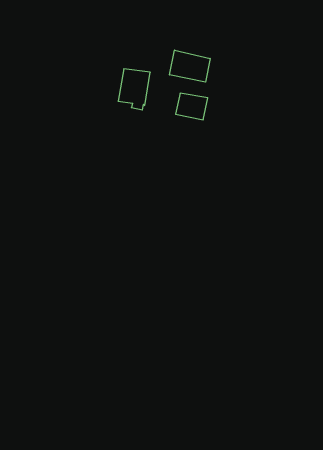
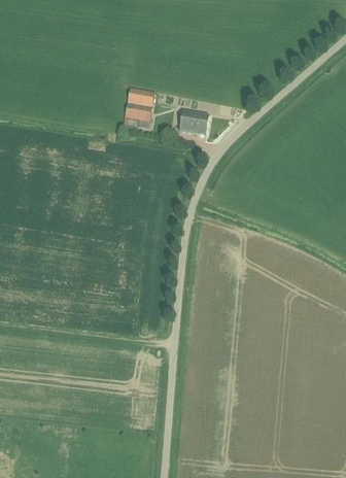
building: [170,50,210,82] -> none

